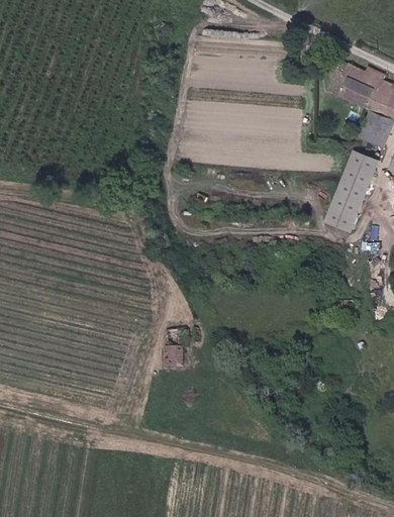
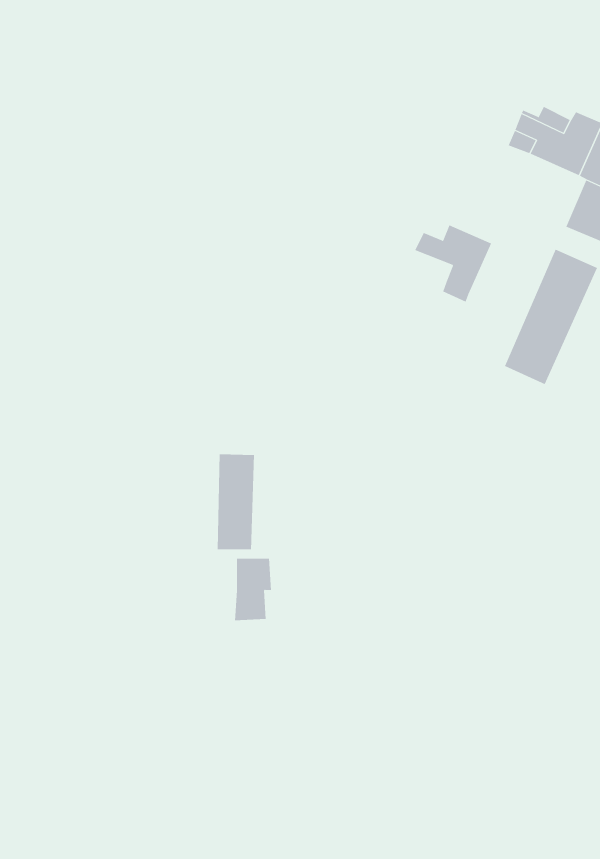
building: none -> [415,224,492,302]
building: none -> [217,453,255,550]

